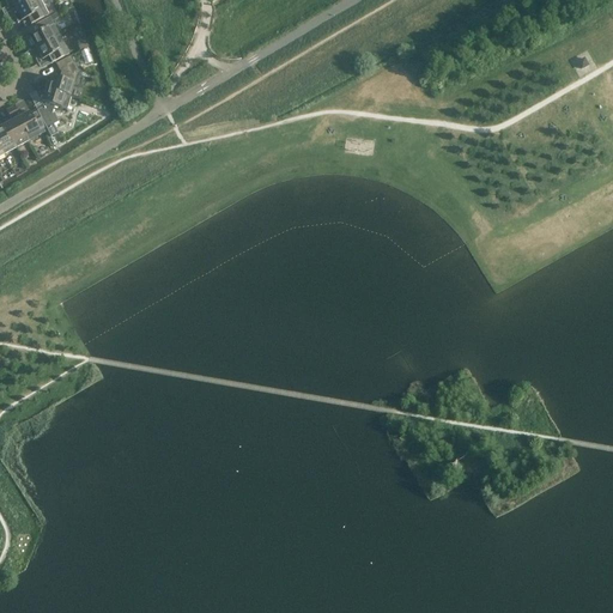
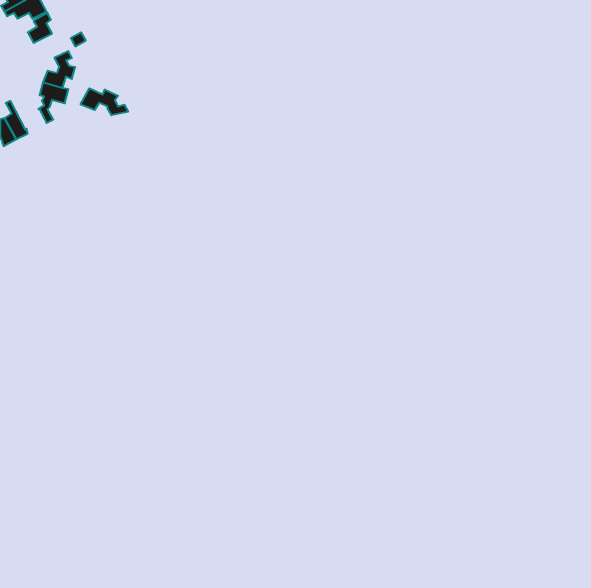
building: [25,31,71,59] -> none
building: none -> [81,88,128,115]
building: [12,102,47,138] -> none

